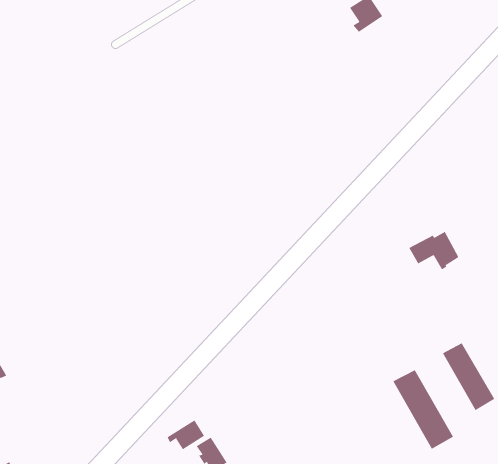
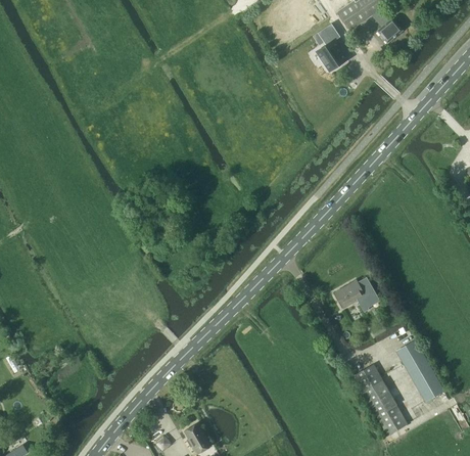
building: [409,231,459,270] -> [334,277,378,311]
building: [167,419,205,450] -> none

